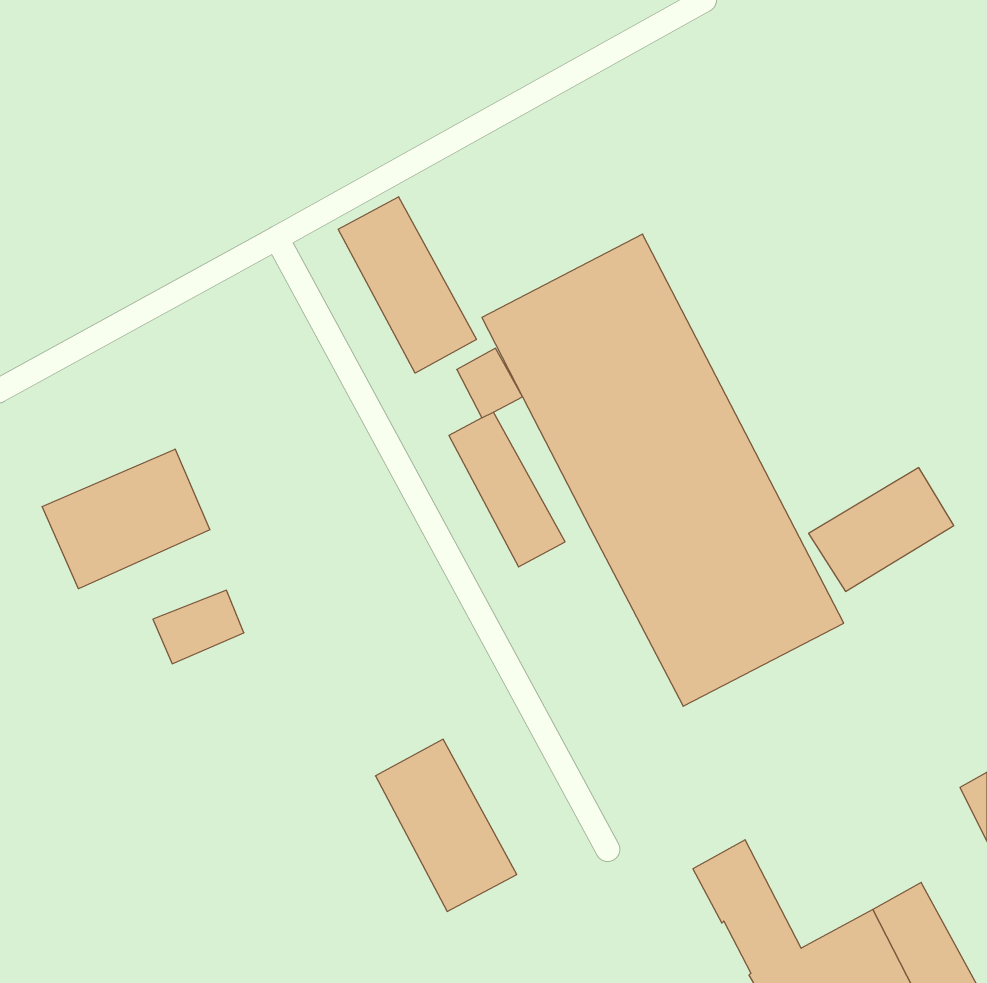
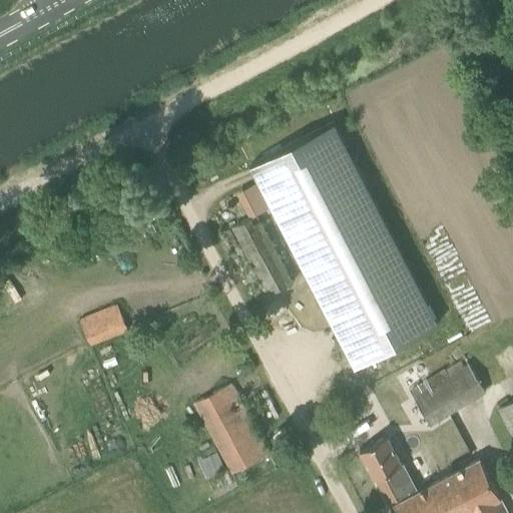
building: [338,197,476,373] -> none
building: [42,449,210,589] -> none
building: [809,468,954,591] -> [411,365,486,429]

